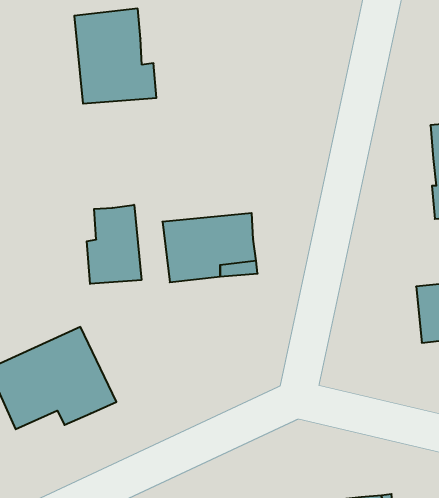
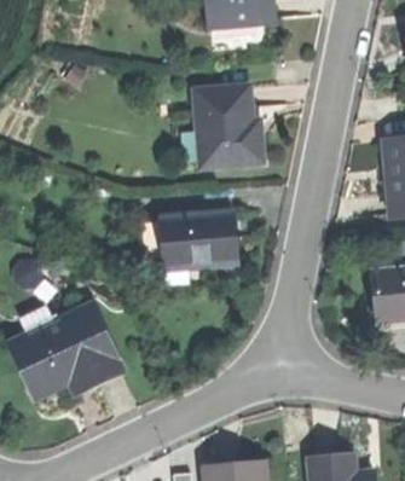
building: [74,9,156,104] -> [195,85,264,164]
building: [87,205,141,284] -> none

